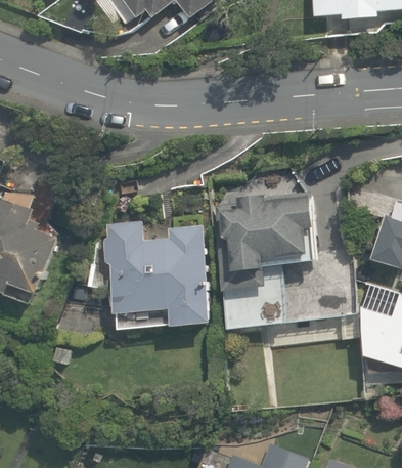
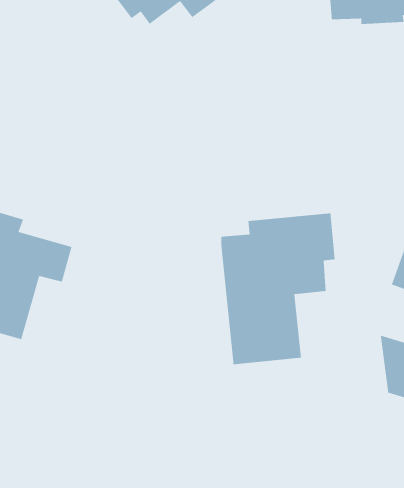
building: [102,219,217,337] -> none

